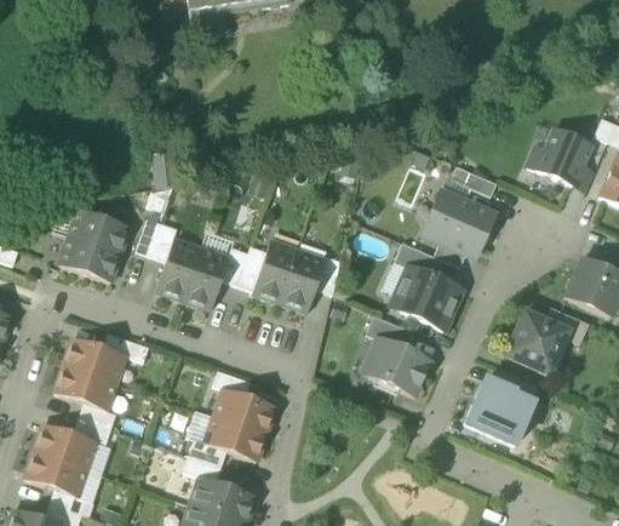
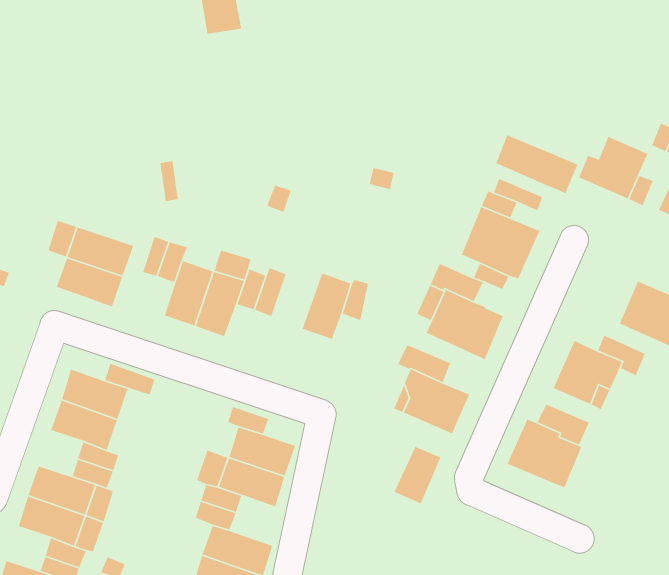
building: none -> [495,134,578,194]
building: [253,242,298,302] -> none
building: none -> [393,446,442,504]

